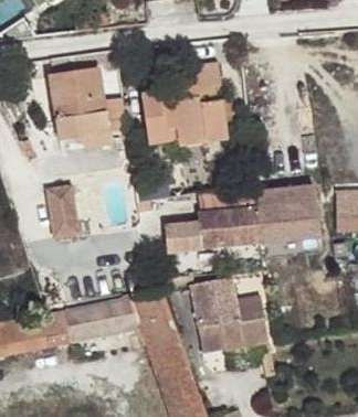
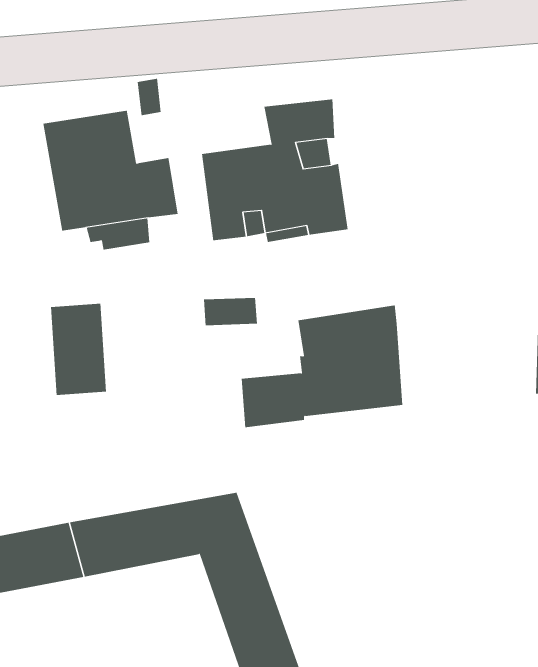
building: [255,188,318,240] -> none
building: [190,279,266,351] -> none

